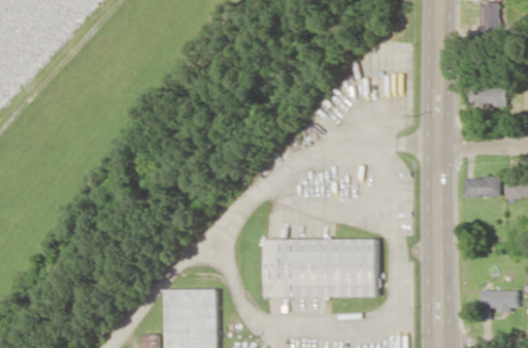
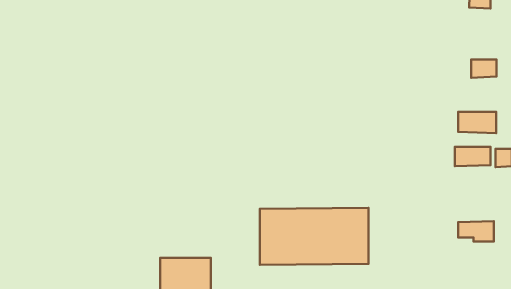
building: none -> [458,112,496,133]
building: [480,290,516,311] -> [458,221,494,241]

